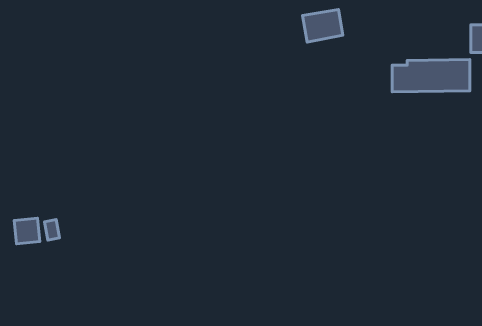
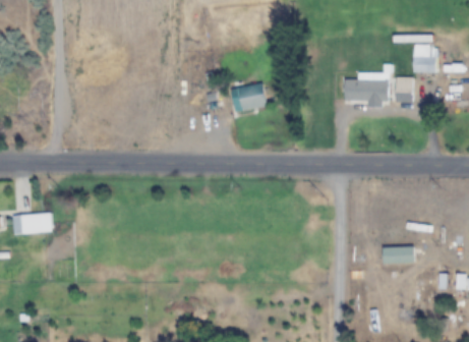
building: [302,10,343,42] -> [232,84,268,113]
building: none -> [384,247,415,264]

